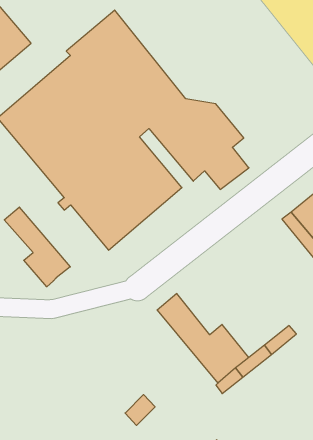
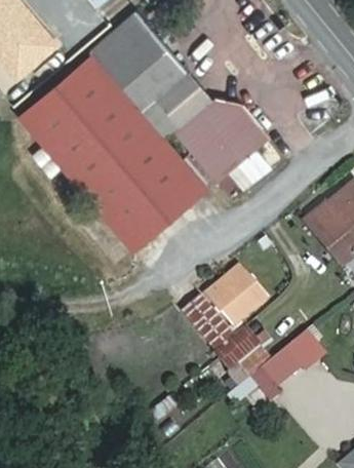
building: [4,207,70,287] -> none
building: none -> [205,268,265,323]

